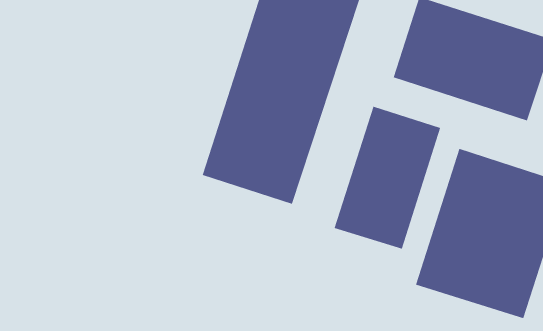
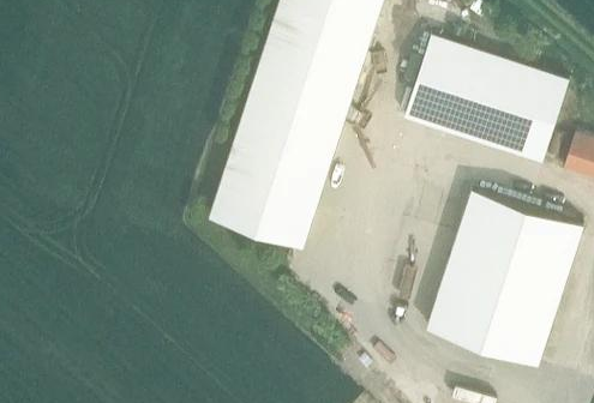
building: [334,106,441,250] -> none

